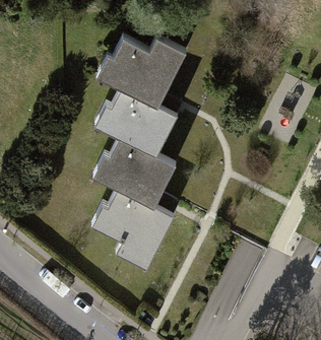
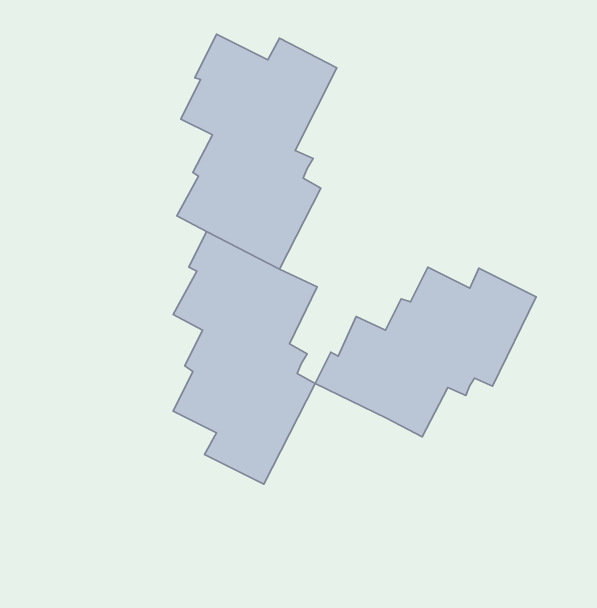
building: none -> [315,267,536,437]

